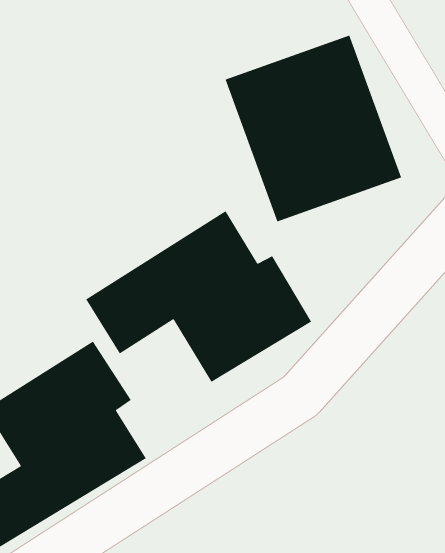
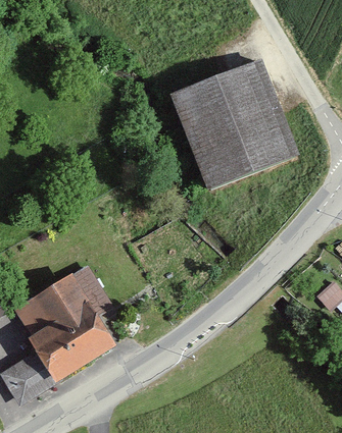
building: [85,210,312,383] -> none

